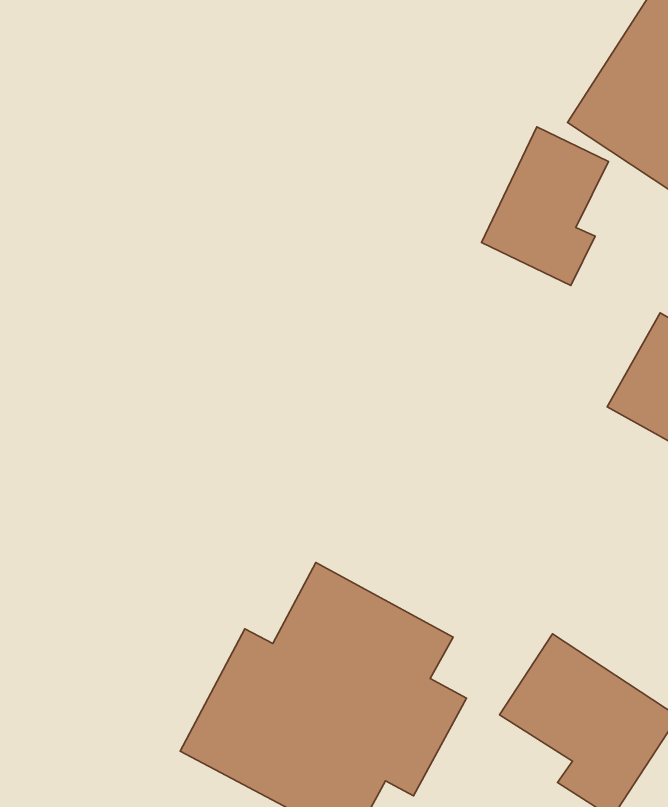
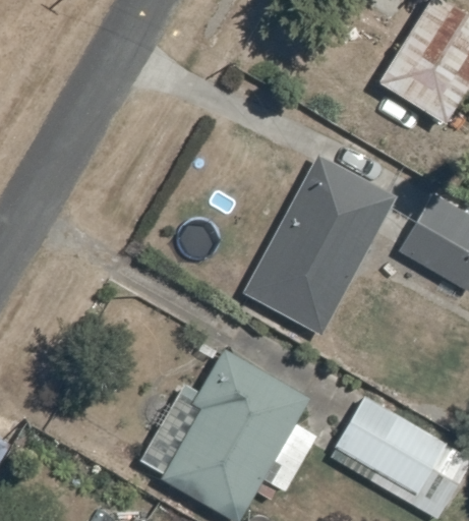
building: [481,127,608,285] -> none
building: none -> [247,160,389,334]

